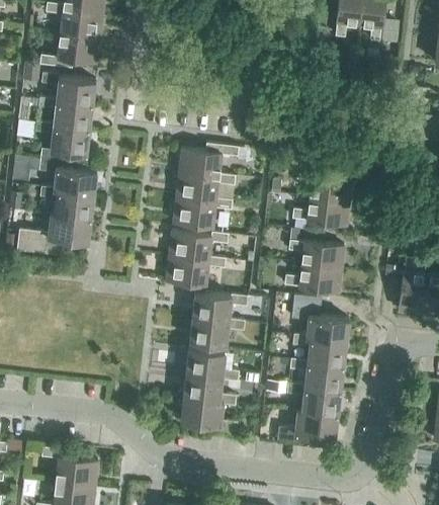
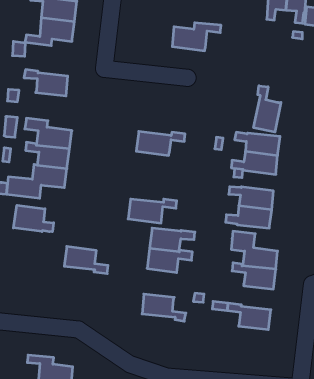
building: [41,74,95,106] -> none
building: none -> [254,86,281,132]
building: [36,122,90,156] -> none
building: [179,145,239,179] -> [172,23,221,51]
building: [173,198,233,228] -> none
building: [169,232,229,261] -> none
building: none -> [13,205,54,232]
building: [185,349,239,383] -> [64,246,108,274]
building: [290,360,344,393] -> none
building: [180,398,238,436] -> none
building: [277,412,338,444] -> none

